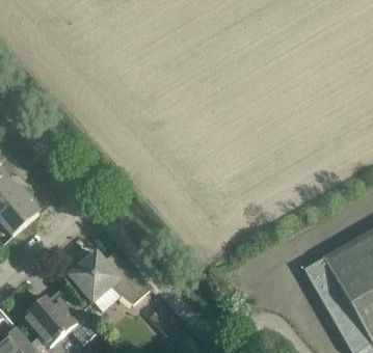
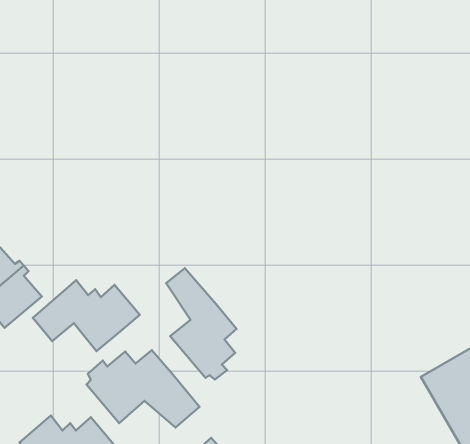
building: none -> [166,268,236,380]
building: none -> [33,280,140,351]

